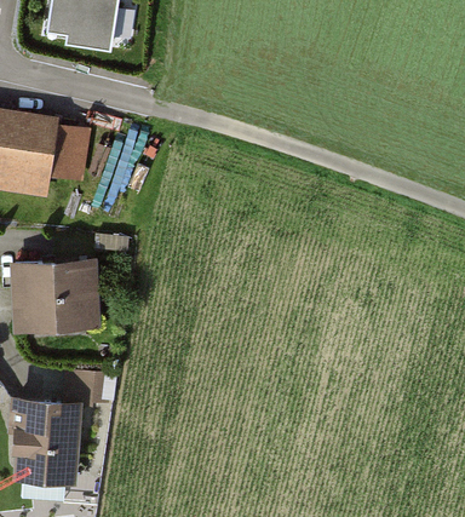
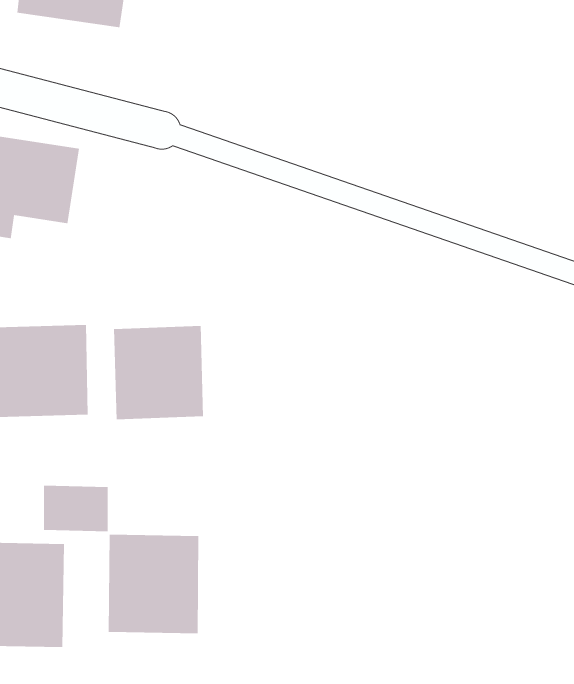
building: none -> [114,325,204,420]
building: none -> [108,534,199,634]

